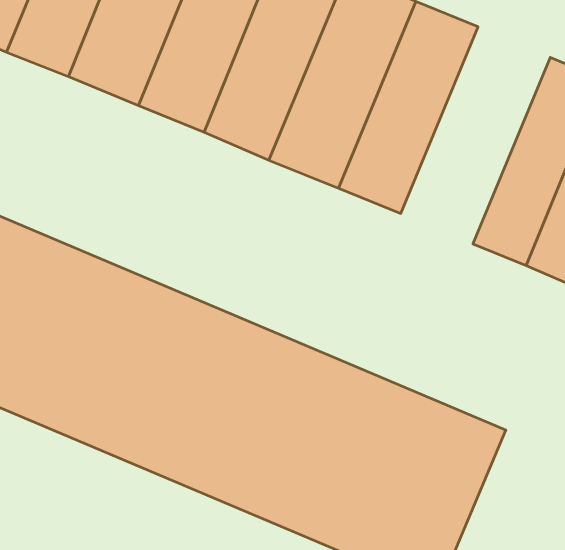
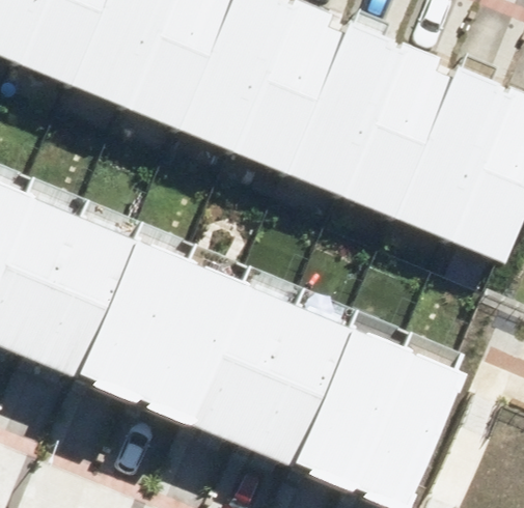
building: none -> [376,54,498,231]

